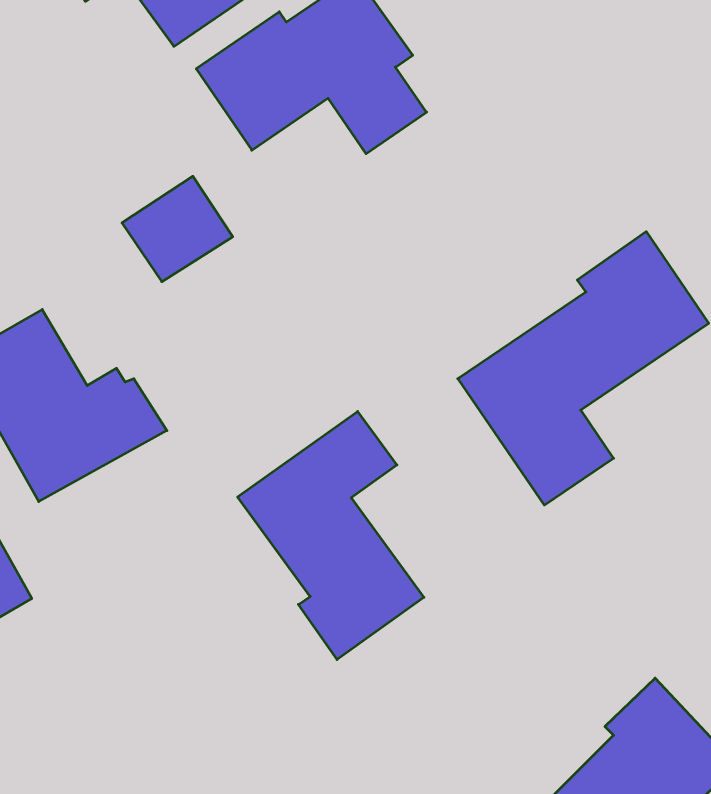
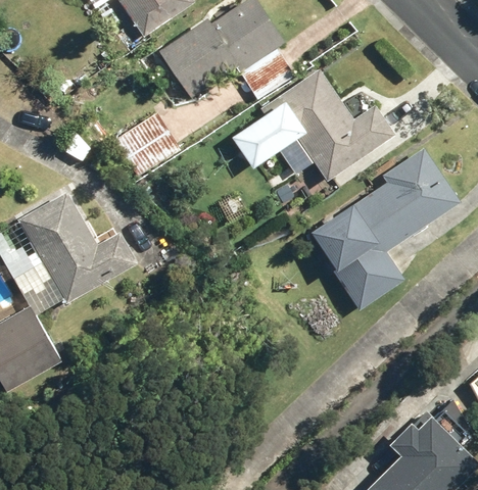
building: none -> [232,69,396,182]
building: [238,411,424,660] -> none

